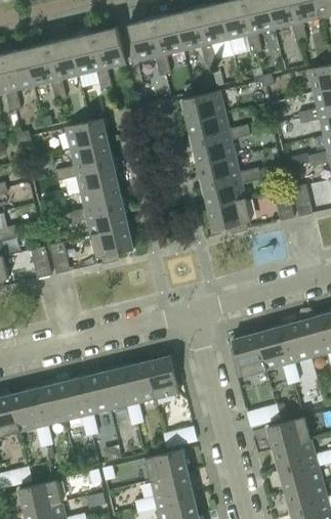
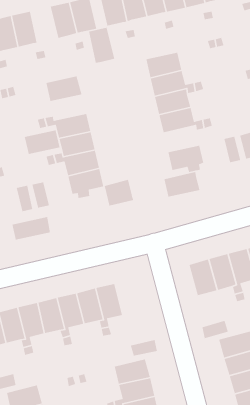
building: [47,38,79,81] -> [88,27,115,64]
building: [70,141,113,171] -> [24,130,61,155]
building: [202,177,245,208] -> [164,171,200,197]
building: none -> [104,179,134,207]
building: none -> [11,216,51,240]
building: [146,355,178,399] -> none

